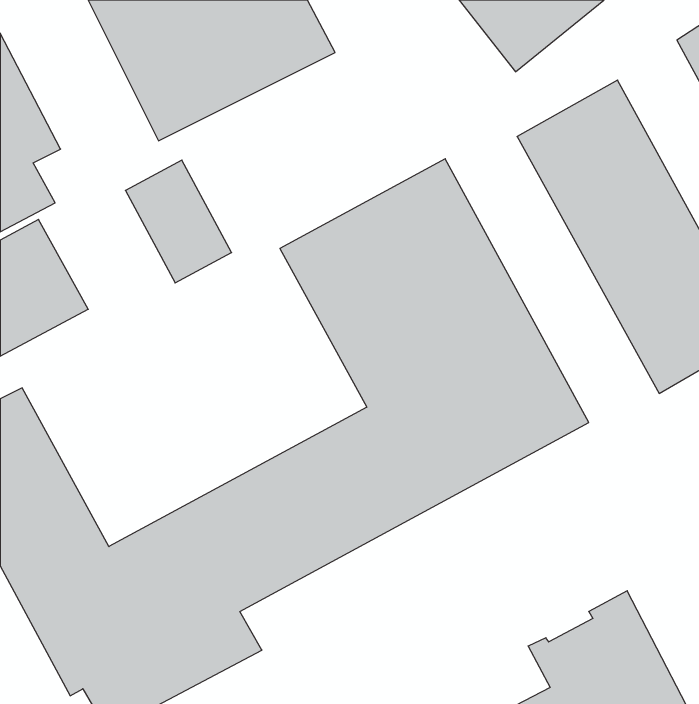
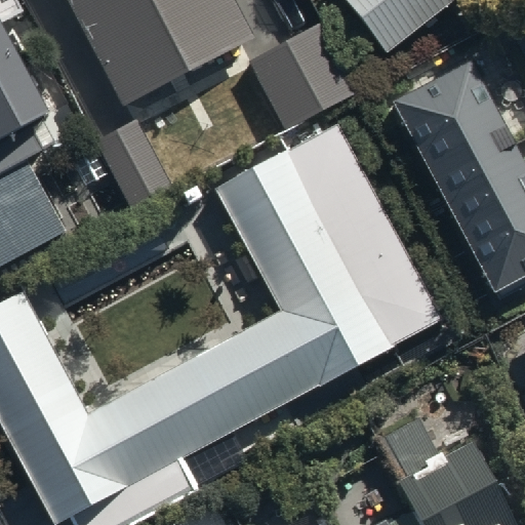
building: none -> [249,25,361,133]

